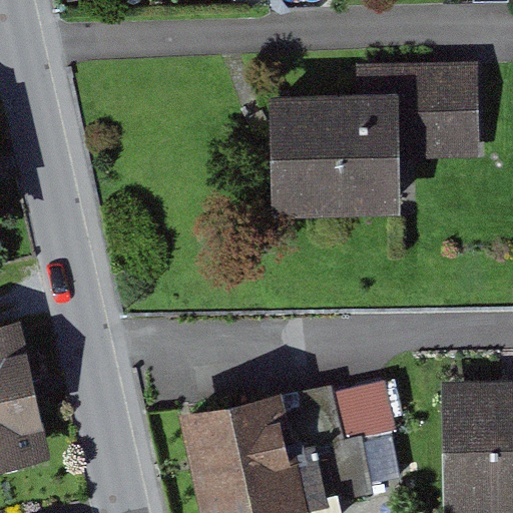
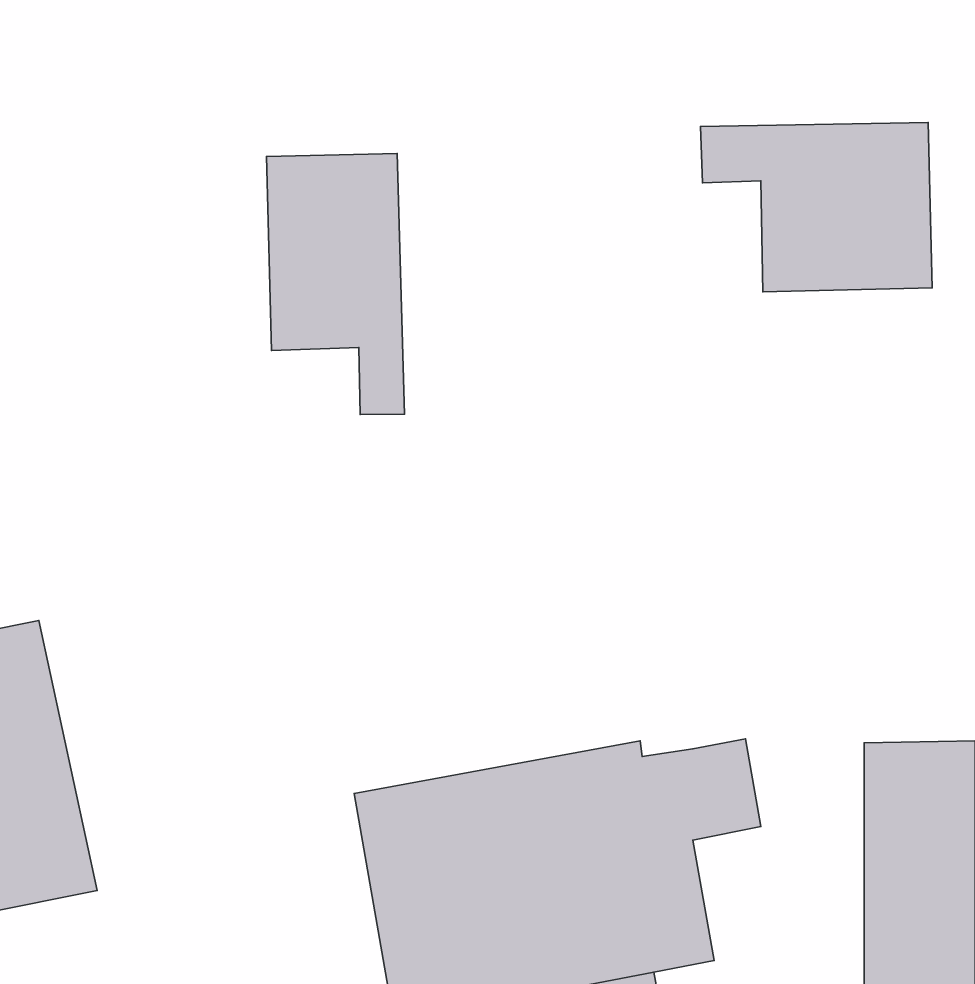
building: none -> [267,153,405,414]
building: [271,98,395,212] -> none

